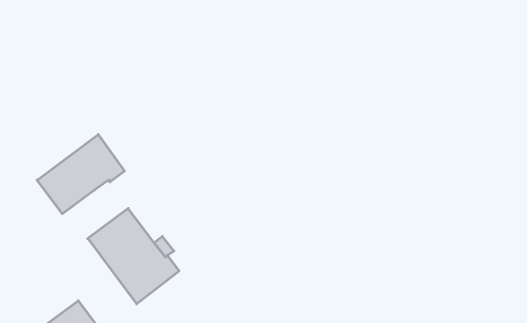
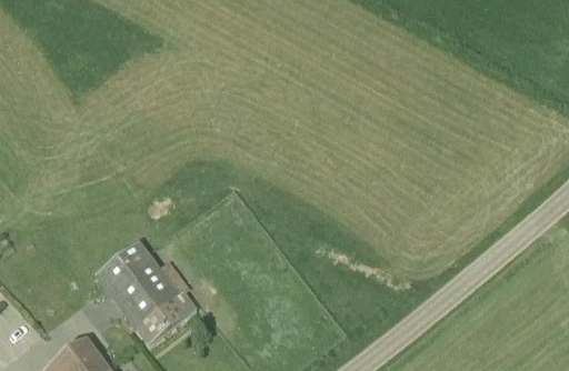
building: [37,134,124,214] -> none

